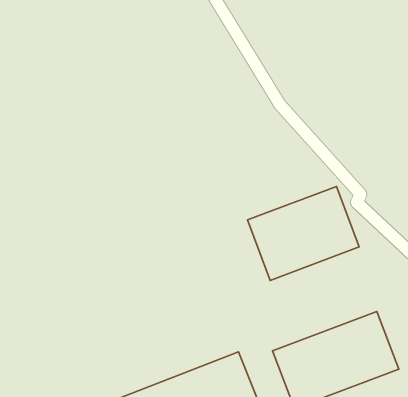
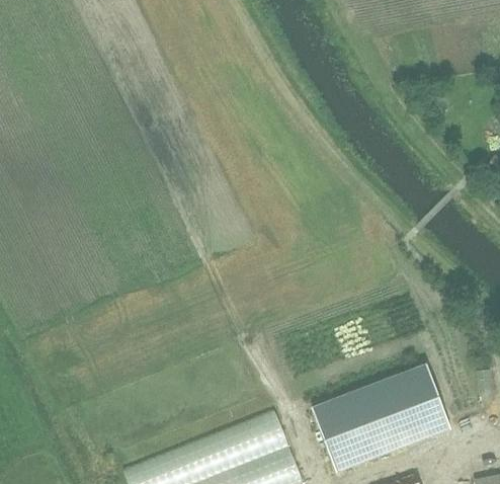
building: [248,187,359,280] -> none

